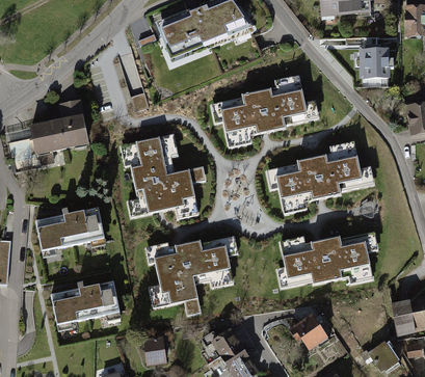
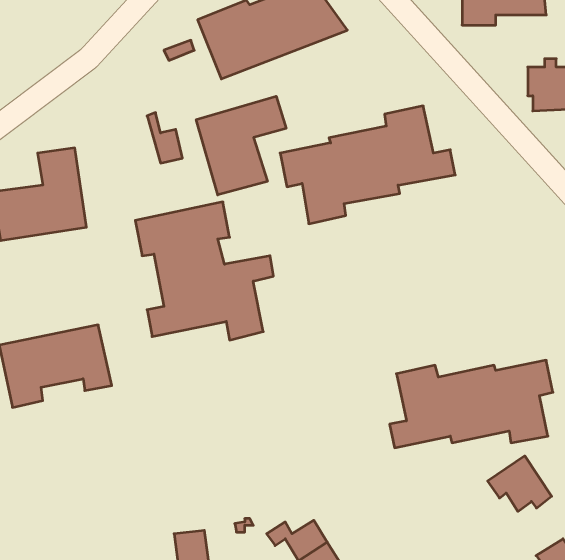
building: none -> [196,96,286,195]
building: [265,139,373,212] -> none
building: [144,235,238,314] -> none
building: [52,282,122,333] -> none
building: [289,313,328,347] -> [488,456,552,511]

